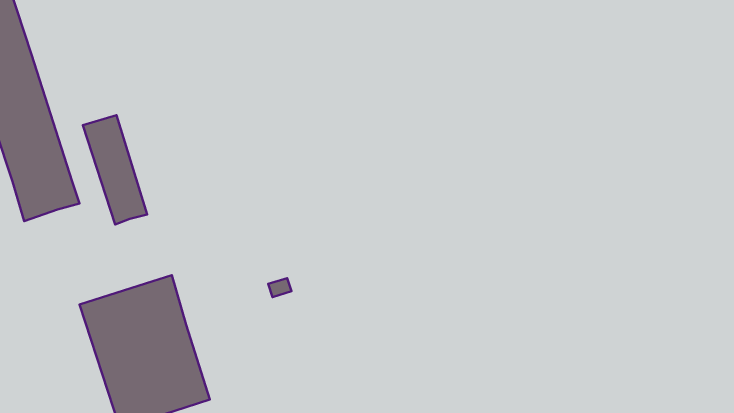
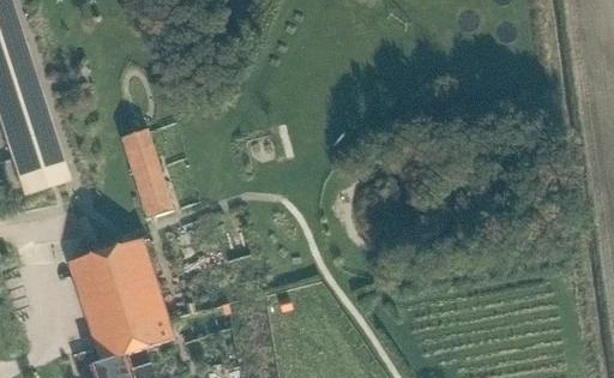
building: [83,115,147,225] -> [121,127,174,217]

